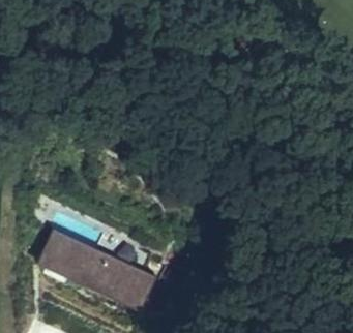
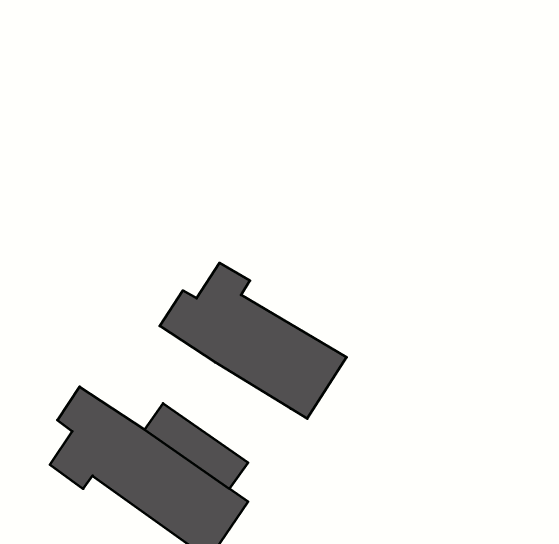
building: none -> [160,263,347,419]

